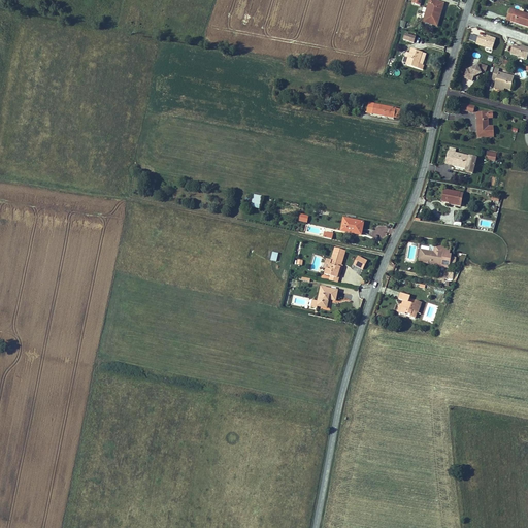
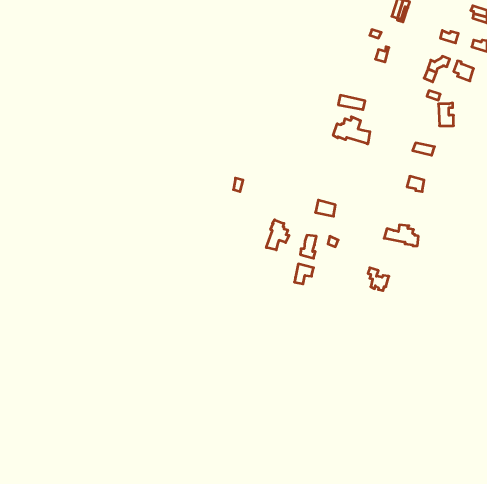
building: none -> [333,117,370,144]
building: none -> [266,220,289,250]

